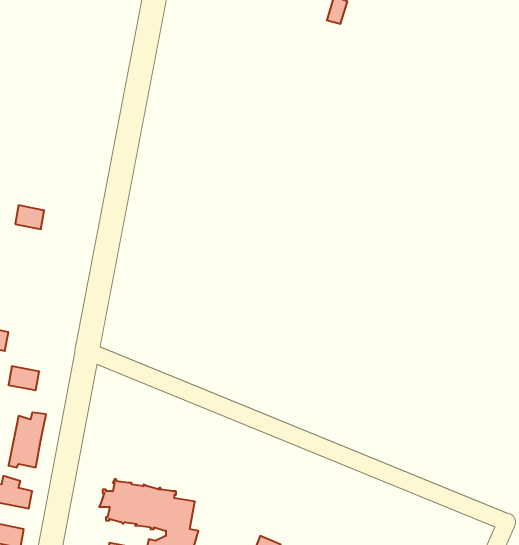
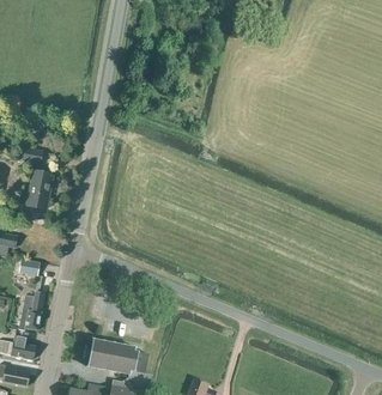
building: none -> [26,170,51,208]

